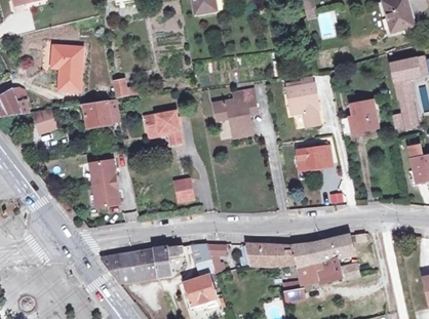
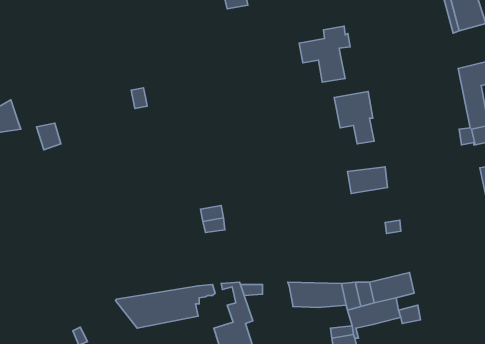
building: [51,45,82,91] -> none
building: [213,89,257,136] -> [299,26,350,82]
building: [83,98,119,127] -> none
building: [340,101,376,132] -> none
building: [145,111,181,144] -> none
building: [89,159,119,206] -> none

